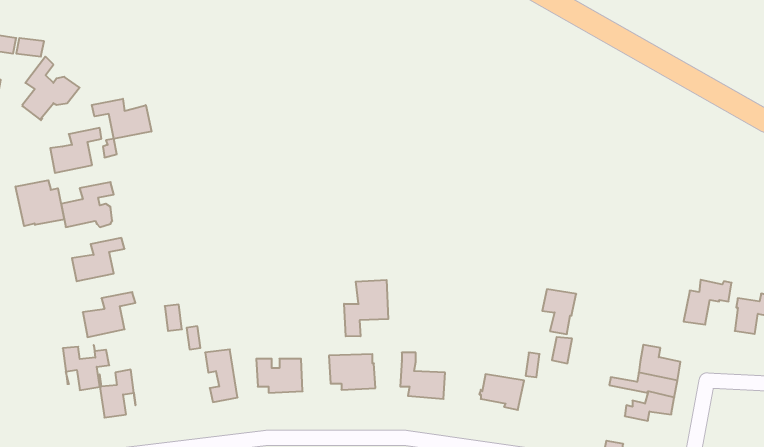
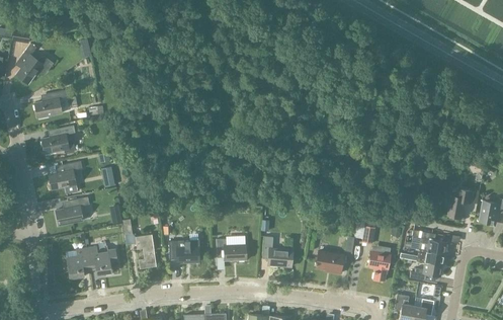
building: [92,99,151,139] -> none
building: [16,180,64,226] -> none
building: [344,280,388,336] -> none
building: [542,289,576,334] -> [368,251,391,281]
building: [63,345,109,390] -> [87,245,117,274]

